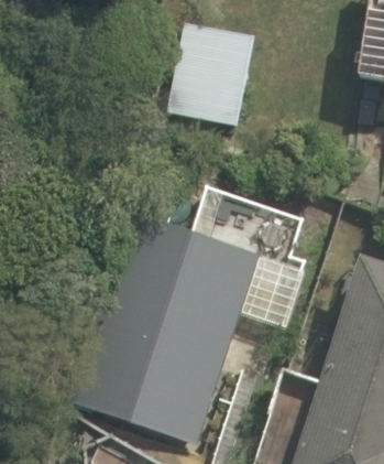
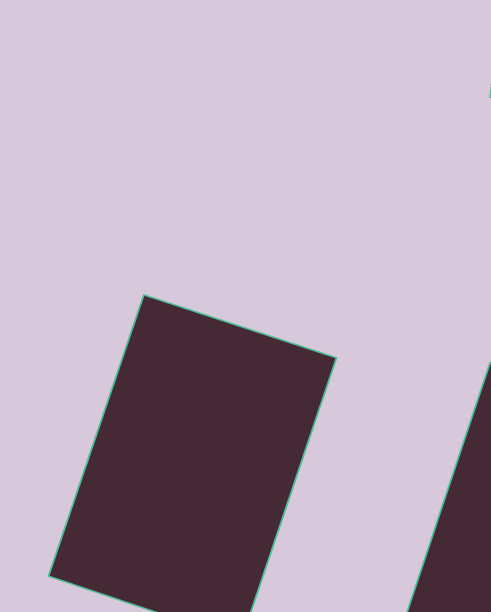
building: [167,23,261,126] -> none

